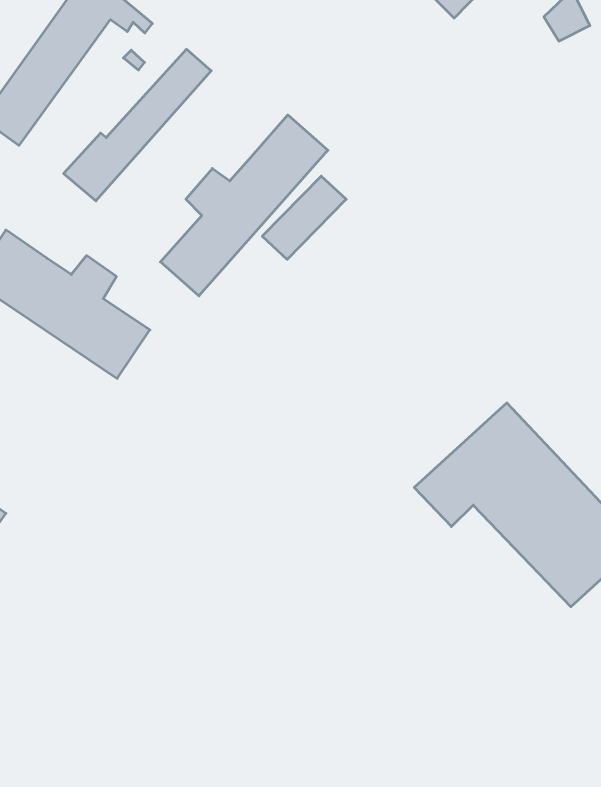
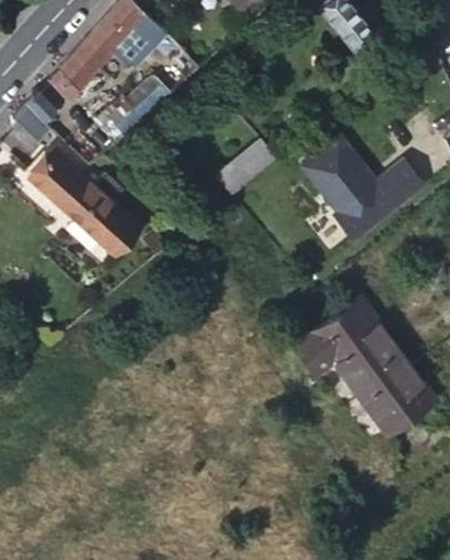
building: [160,115,328,296] -> none
building: none -> [299,137,422,241]

